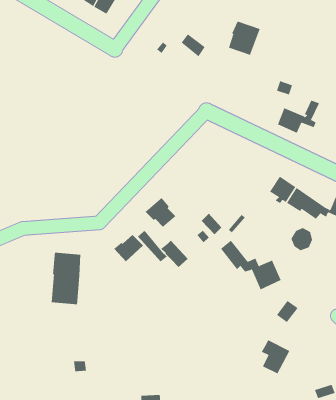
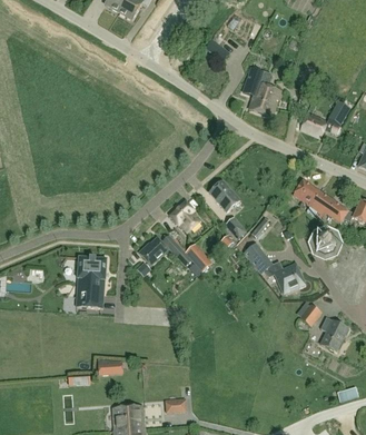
building: [228,21,261,56] -> [248,81,280,116]
building: none -> [209,179,239,210]
building: [261,339,290,374] -> [319,316,348,350]

